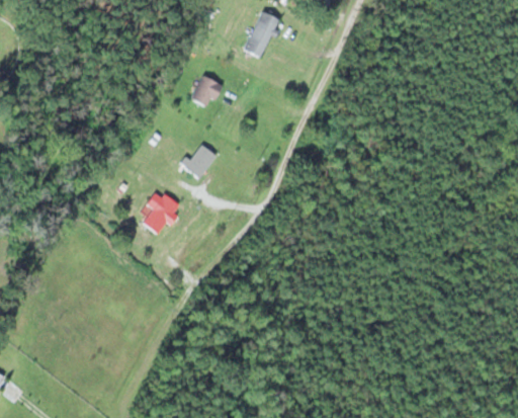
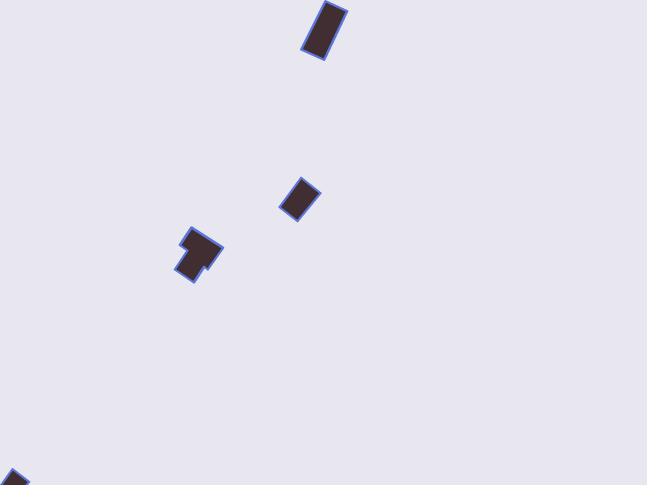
building: [190,75,220,107] -> none
building: [184,144,217,178] -> [279,178,320,221]

